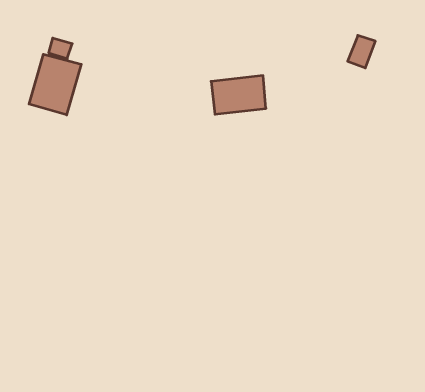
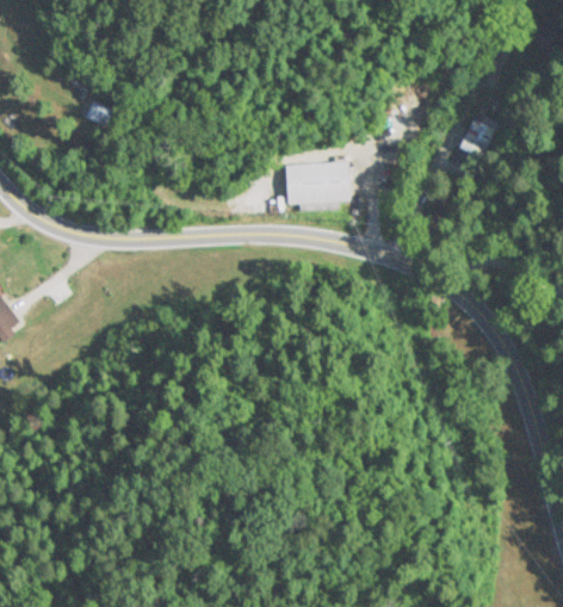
building: [29,54,81,115] -> none

